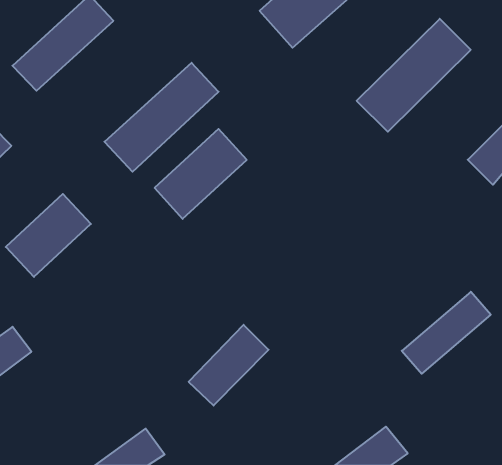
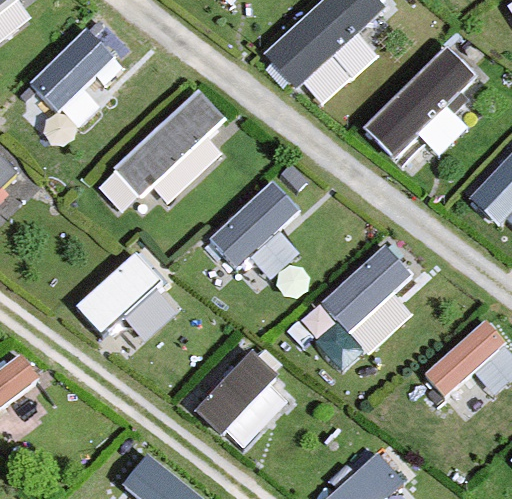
building: [155,129,247,219] -> [208,182,300,272]
building: [6,194,91,277] -> [77,254,162,337]
building: none -> [320,248,412,335]

